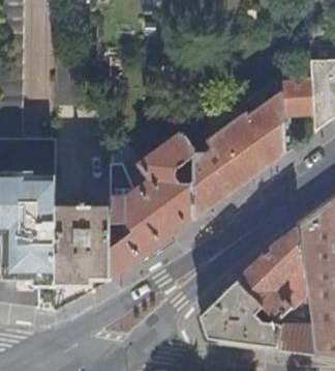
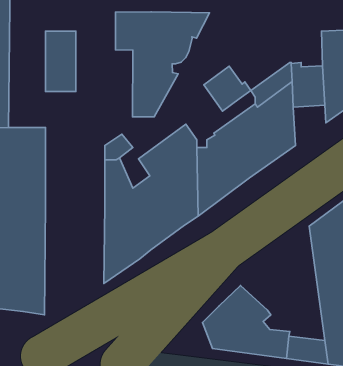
building: none -> [115,12,210,117]
building: none -> [204,66,251,111]
building: [55,207,111,309] -> none
building: [236,227,308,322] -> none

